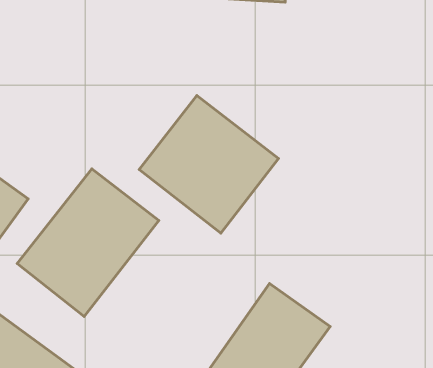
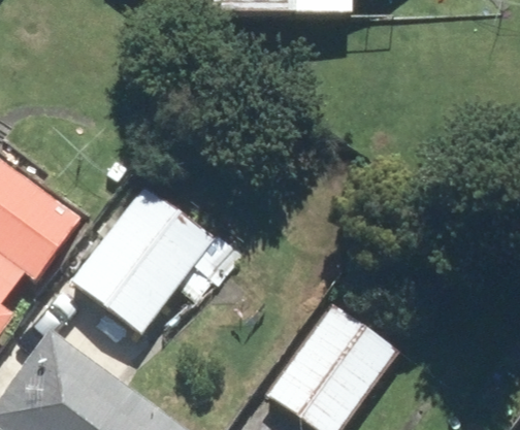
building: [139,96,279,233] -> none

